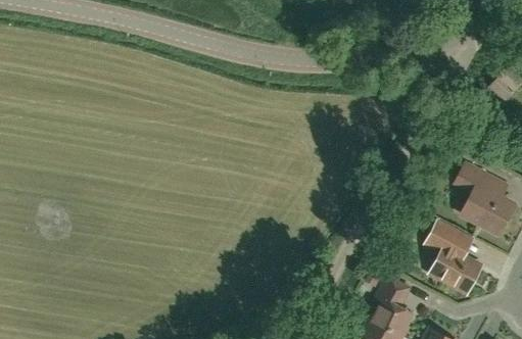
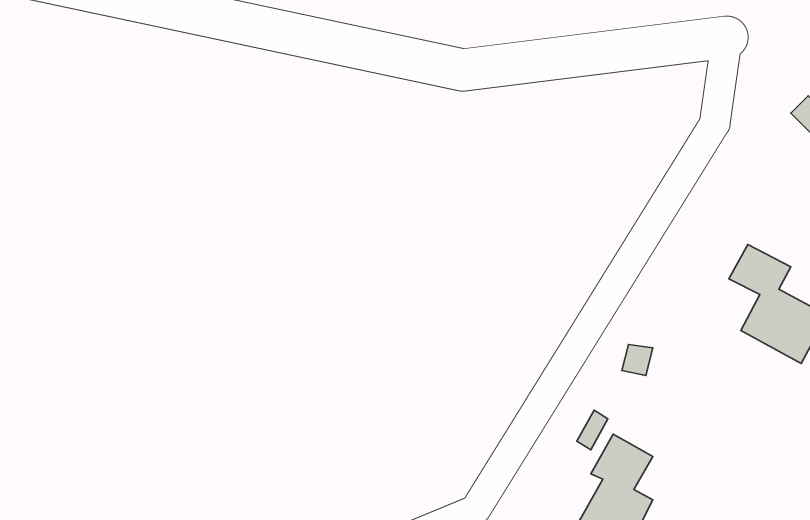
building: [429,221,481,292] -> none

